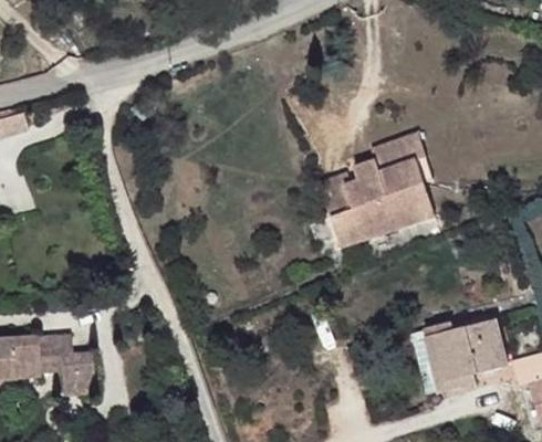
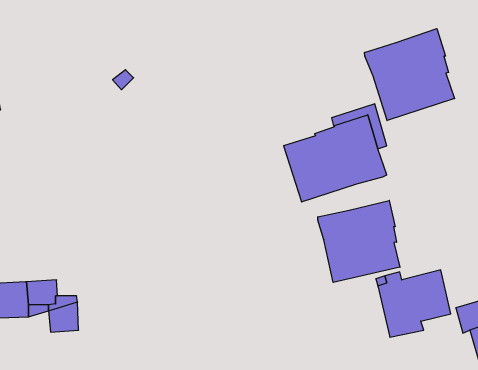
building: none -> [365,29,455,121]
building: none -> [318,200,400,282]

